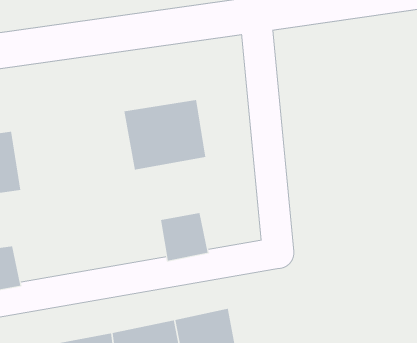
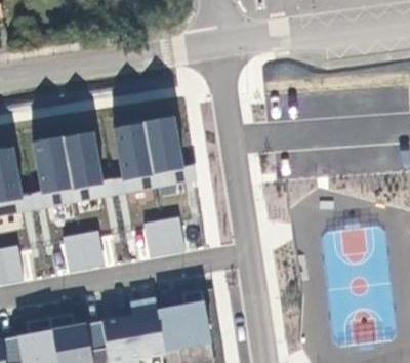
building: none -> [33,132,105,193]
building: none -> [63,231,105,272]

